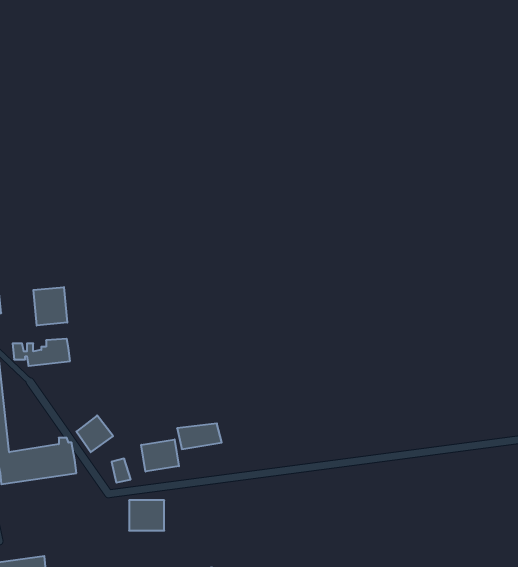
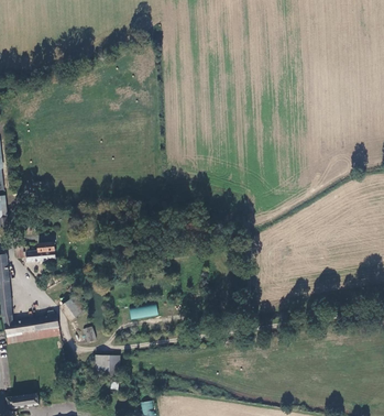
building: [33,287,67,326] -> none
building: [141,439,179,472] -> none

